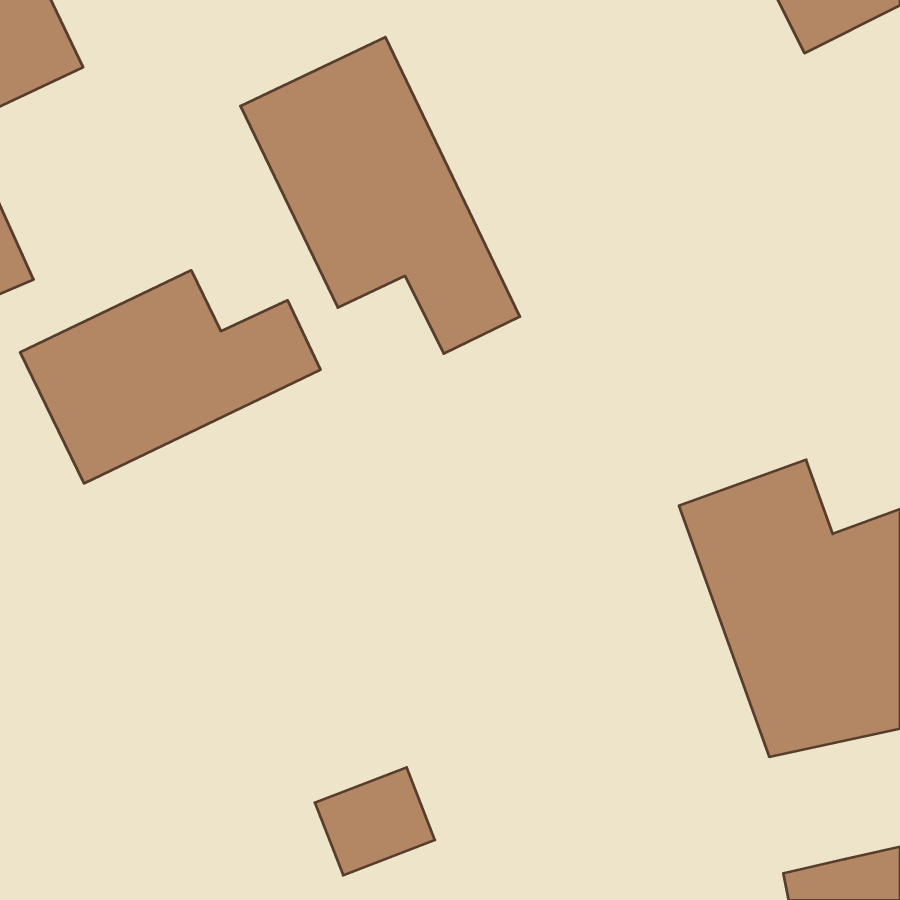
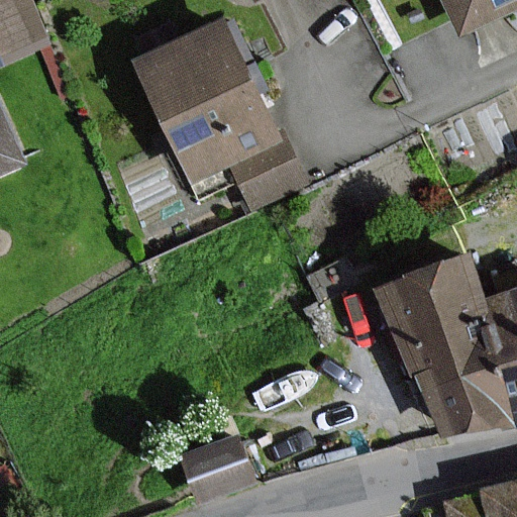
building: [20,270,320,483] -> none

